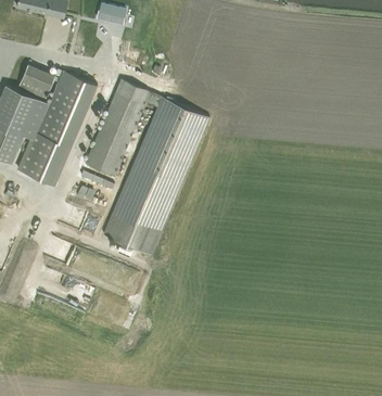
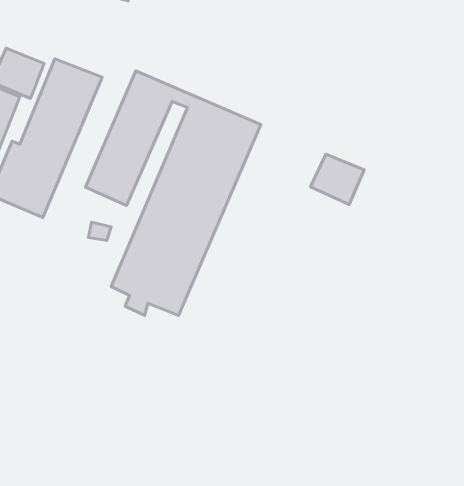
building: none -> [311,154,364,205]

